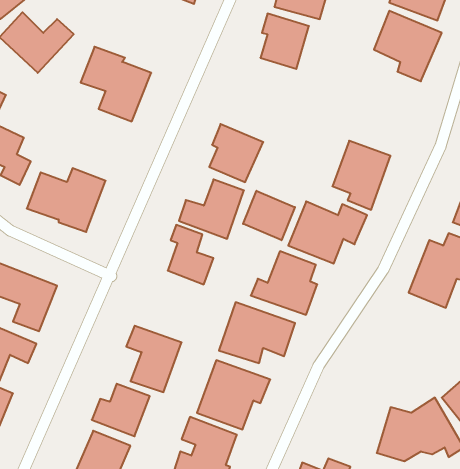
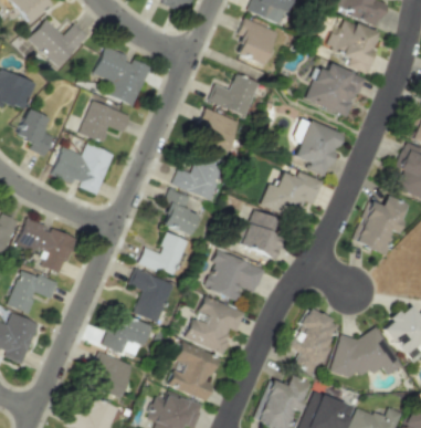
building: none -> [305,62,367,117]
building: none -> [211,74,260,115]
building: none -> [80,100,130,143]
building: [243,191,295,240] -> none
building: none -> [139,231,189,276]
building: none -> [288,307,340,374]

